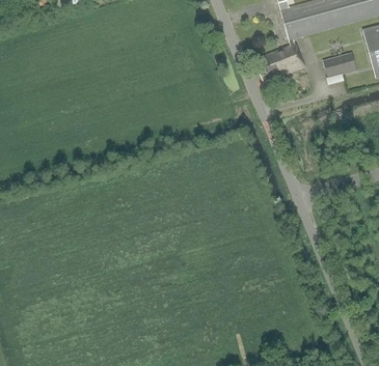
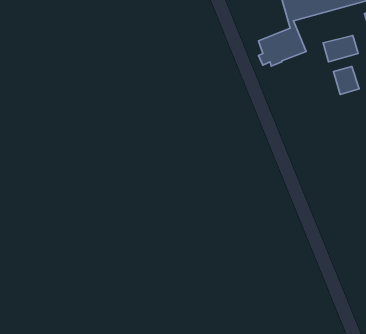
building: none -> [334,66,359,95]

